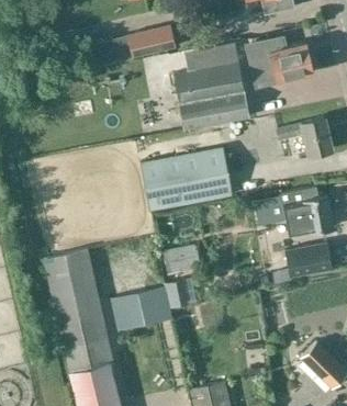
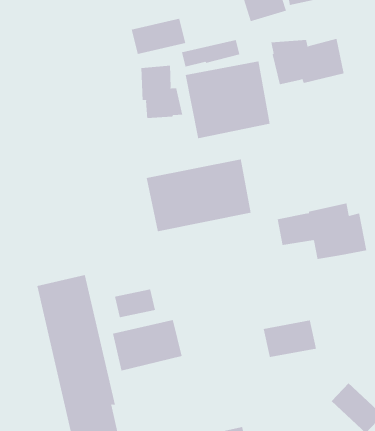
building: none -> [141,65,183,119]
building: [277,117,332,157] -> none
building: [284,244,332,277] -> [263,320,317,358]
building: [164,247,200,272] -> [114,289,156,318]

